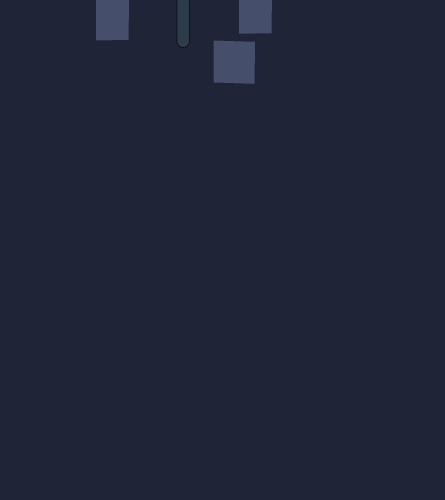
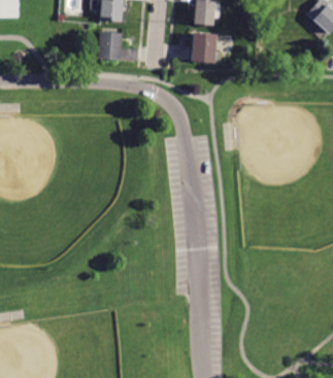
building: [213,40,255,85] -> none

